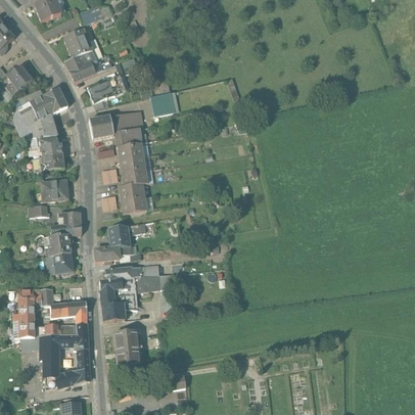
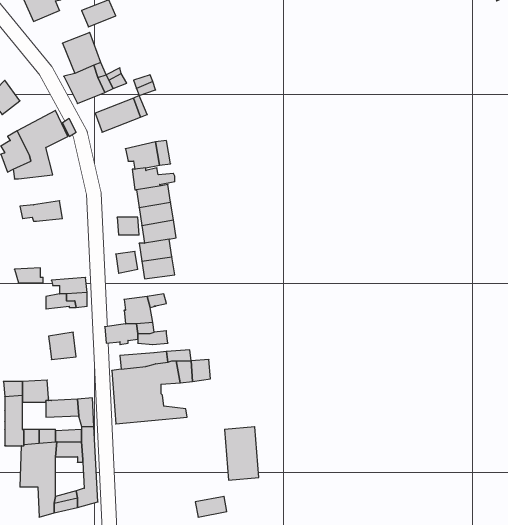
building: [150,92,177,116] -> none
building: [89,116,113,138] -> none
building: [31,135,61,157] -> none
building: [42,180,68,199] -> none
building: [49,233,72,256] -> none
building: [114,330,140,370] -> [225,427,259,480]

